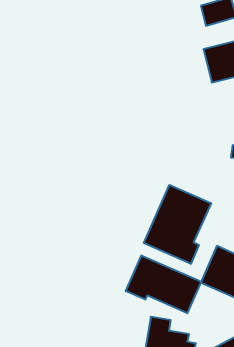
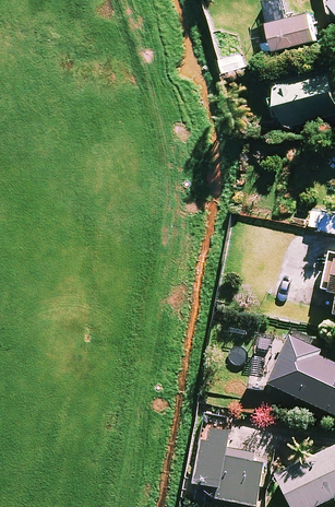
building: [144,185,211,264] -> none
building: [126,255,201,313] -> none

